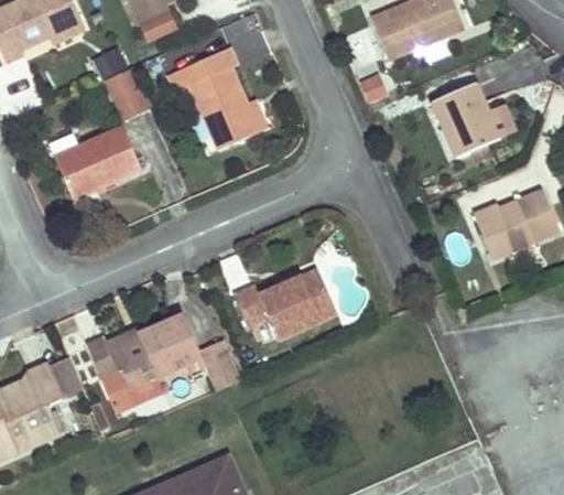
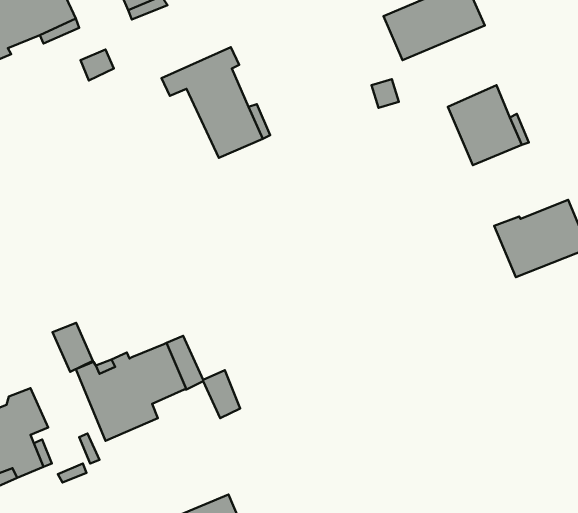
building: [107,67,150,119] -> none
building: [46,125,141,202] -> none
building: [232,269,336,340] -> none
building: [44,354,82,399] -> [52,323,93,372]

